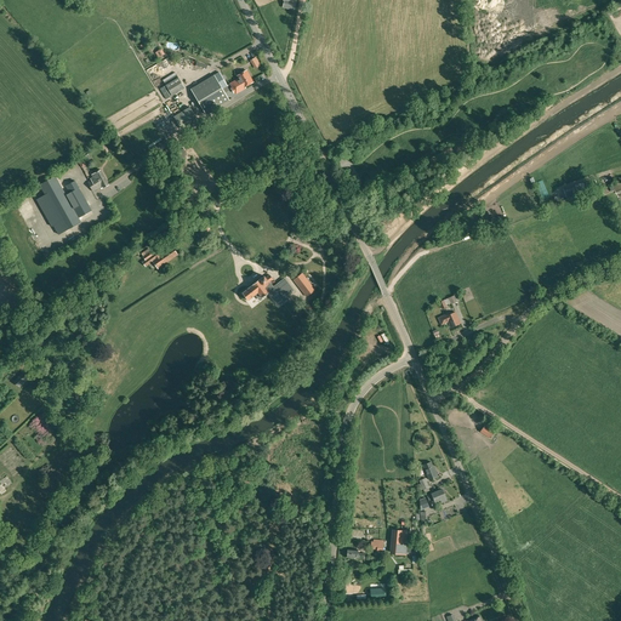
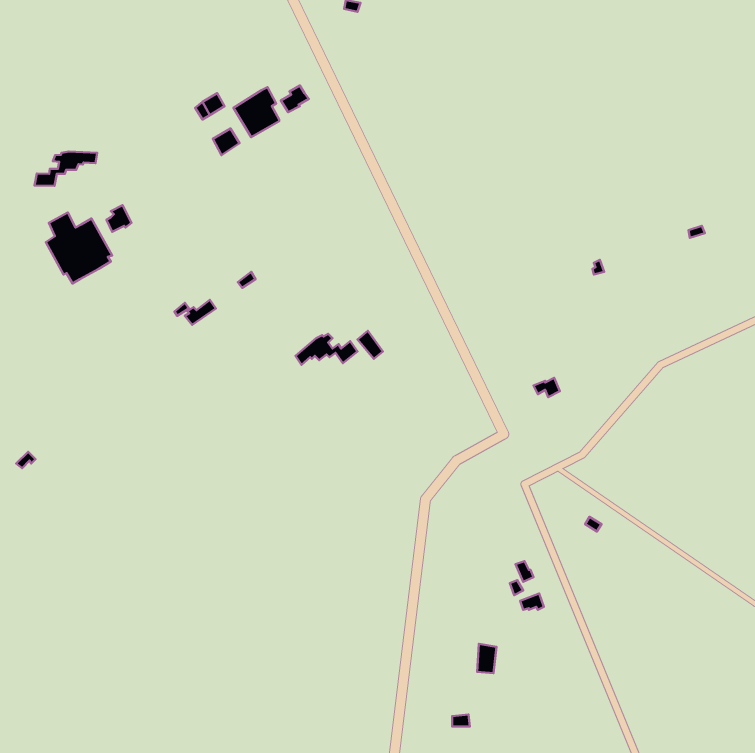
building: none -> [35,152,97,186]

